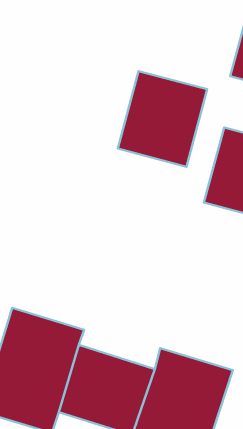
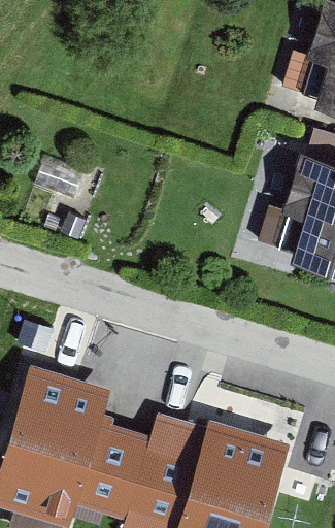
building: [118,71,207,167] -> none

